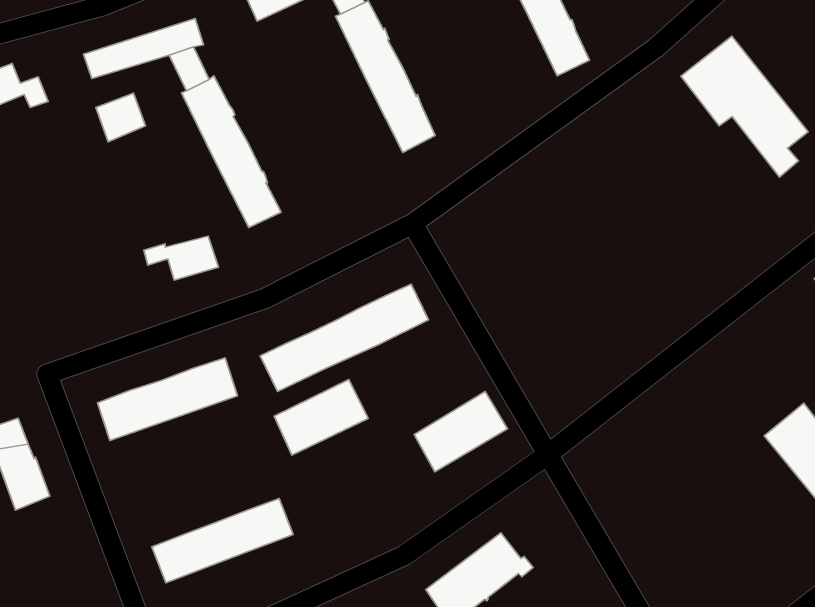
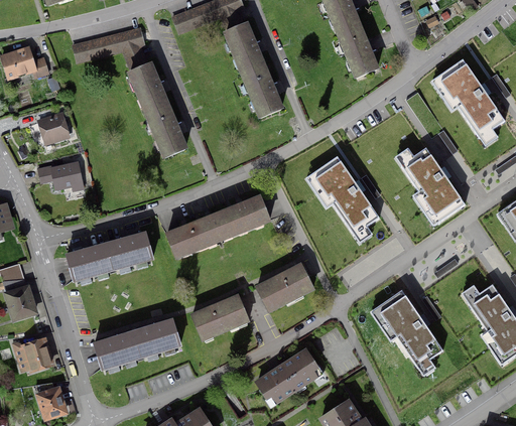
building: [96,93,146,142] -> [39,114,69,142]
building: none -> [396,149,466,227]
building: none -> [307,157,380,244]
building: [144,236,218,280] -> [38,162,83,187]
building: [274,380,368,455] -> [192,295,249,338]
building: none -> [378,287,443,366]
building: none -> [13,339,51,369]

